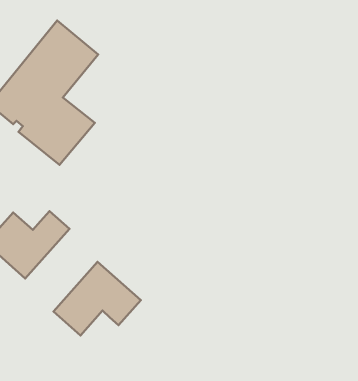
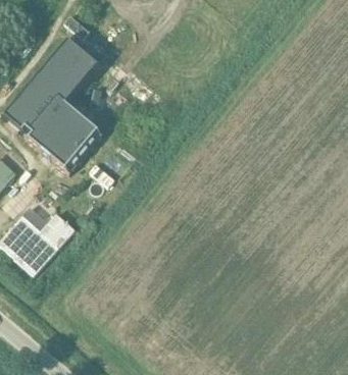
building: [53,262,141,335] -> none

